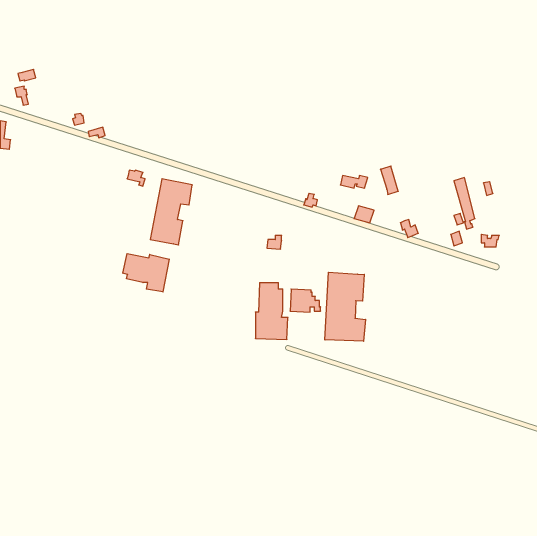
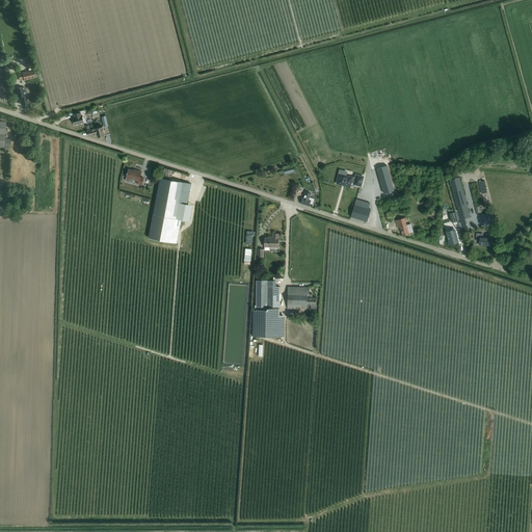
building: [123,254,169,292] -> none
building: [325,272,366,341] -> none

